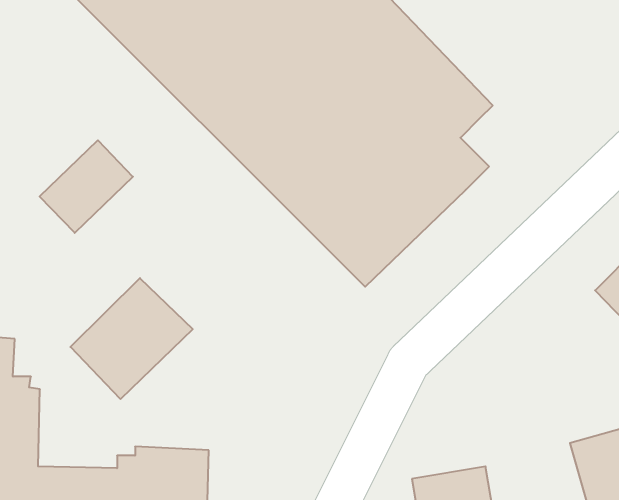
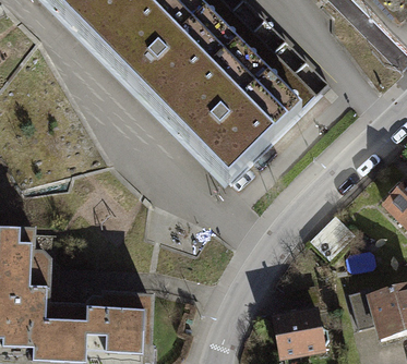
building: [40,140,133,233] -> none
building: [70,278,193,399] -> none

